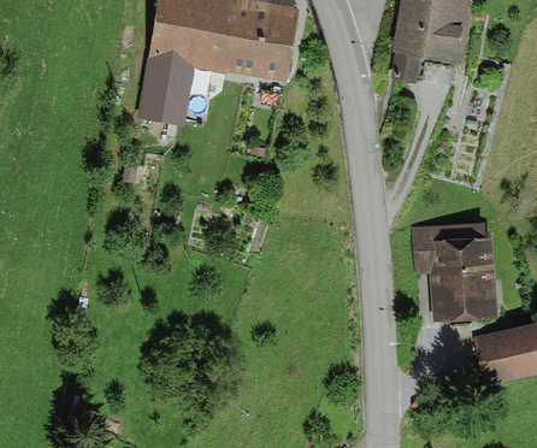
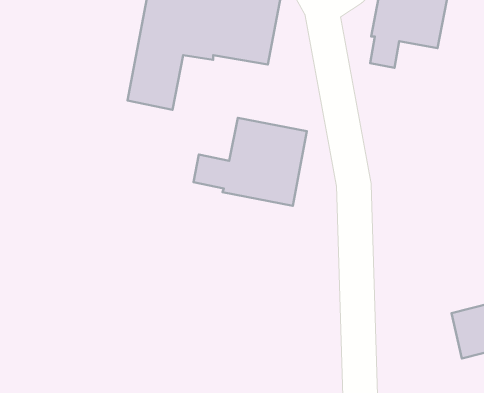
building: none -> [193,118,307,206]
building: [414,223,495,320] -> none

